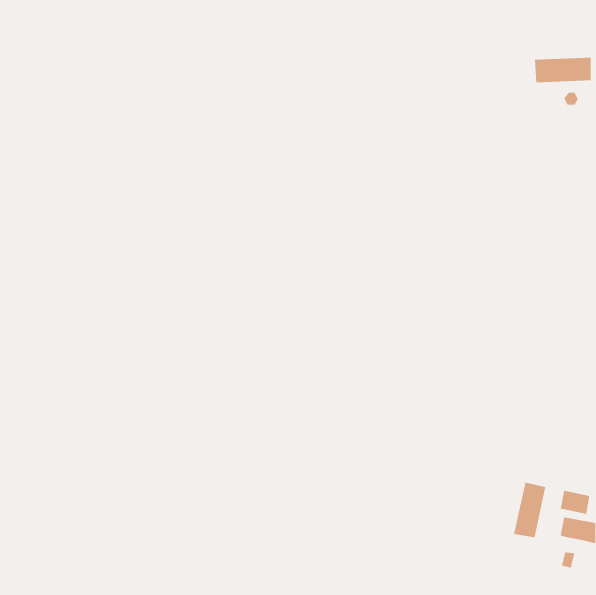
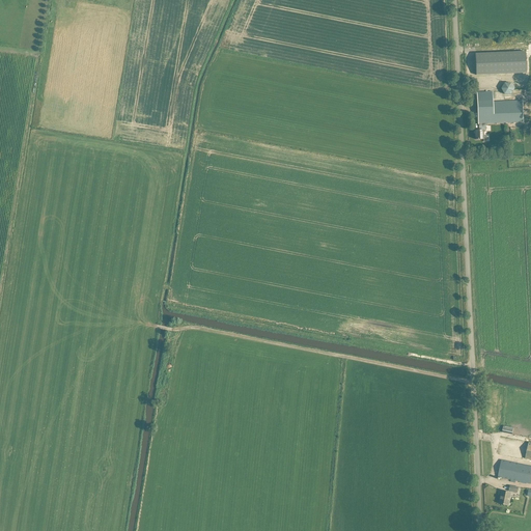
building: none -> [475,91,523,139]
building: [514,482,546,538] -> none

